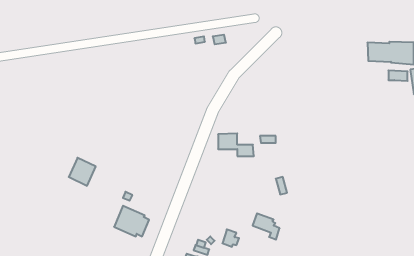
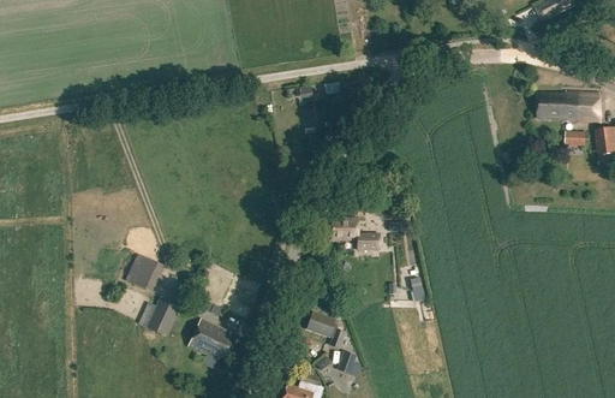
building: none -> [139,293,180,335]
building: [253,213,280,240] -> [306,311,344,347]

